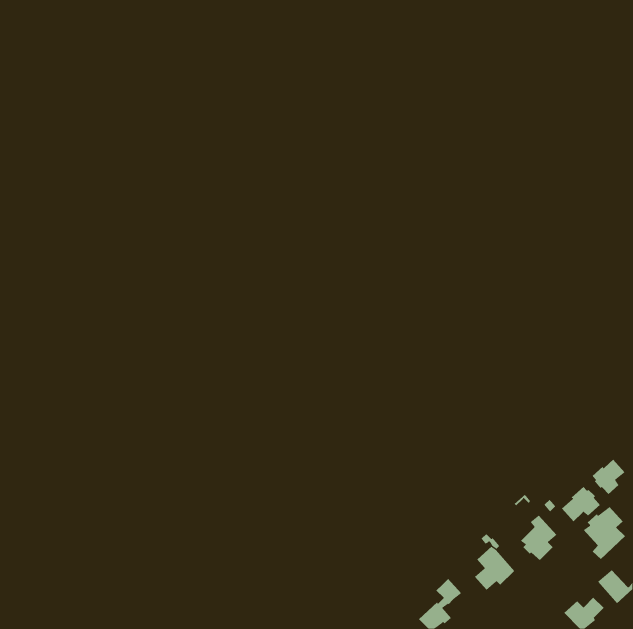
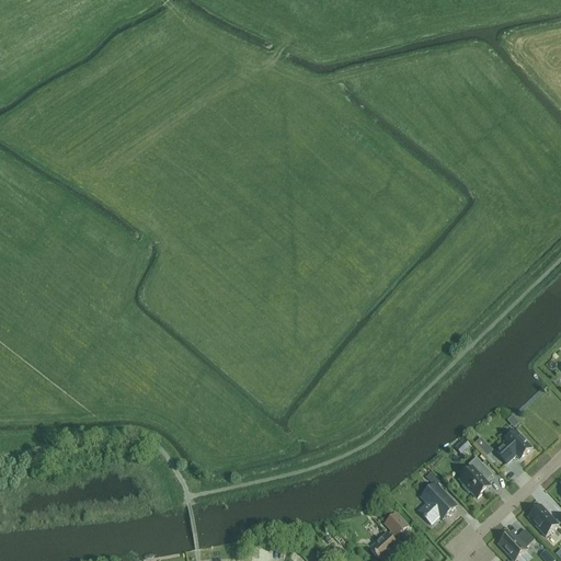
building: [592,459,625,495] -> none
building: [583,506,626,560] -> none

